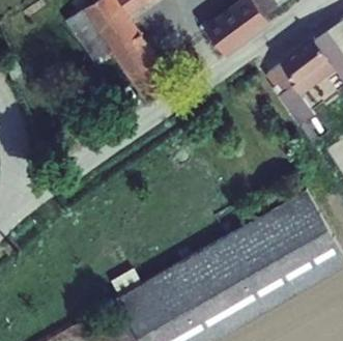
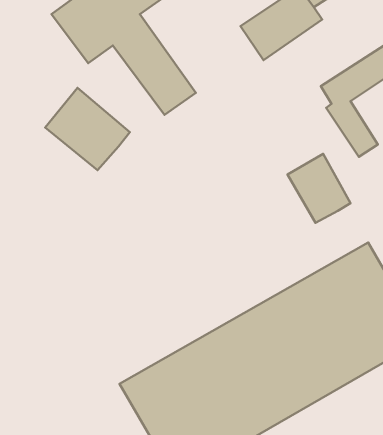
building: none -> [45,88,130,170]
building: none -> [287,154,351,223]

